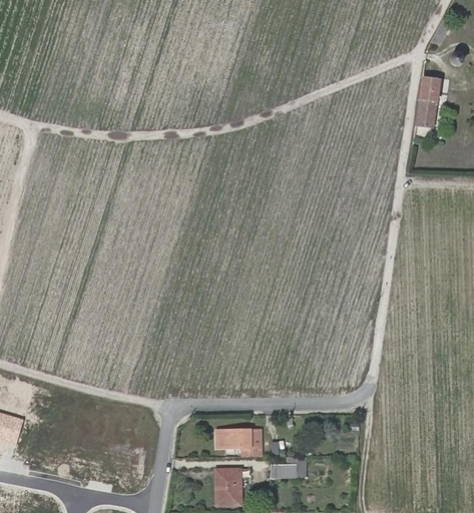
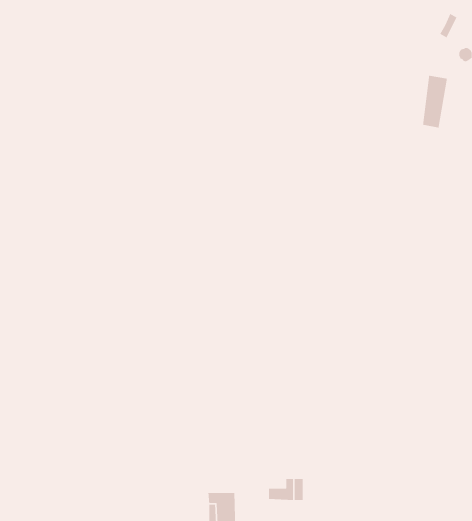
building: [216,430,262,457] -> none

